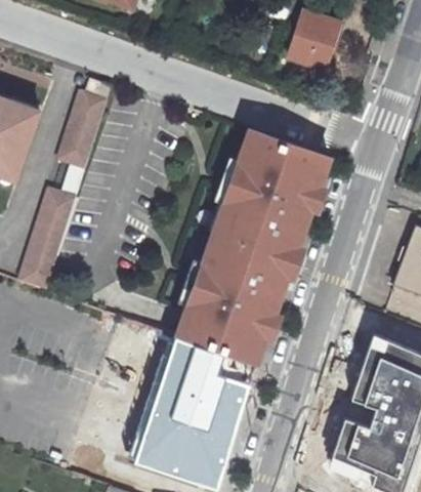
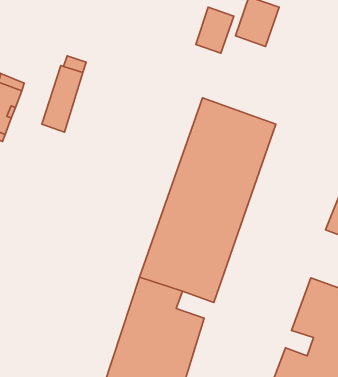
building: none -> [196,7,234,53]
building: [19,189,75,289] -> none

